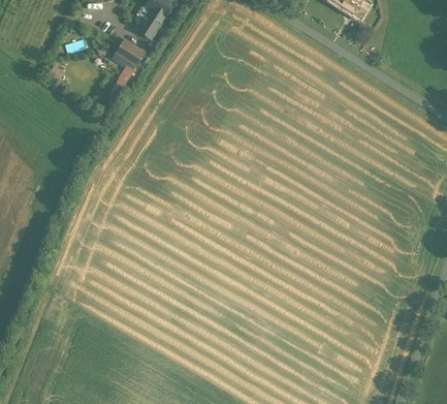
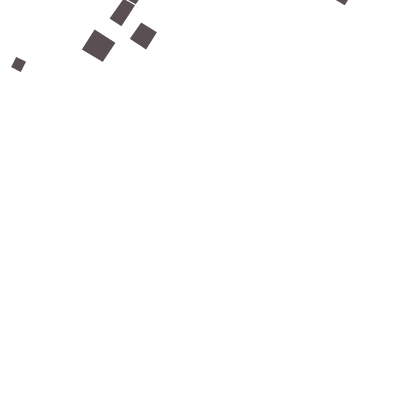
building: none -> [129,21,158,50]

